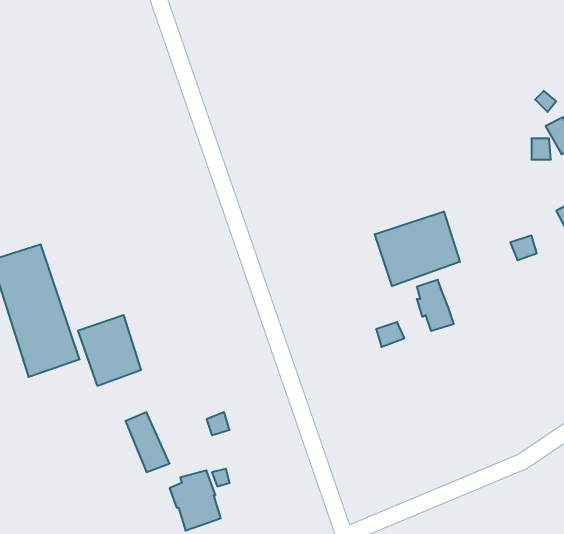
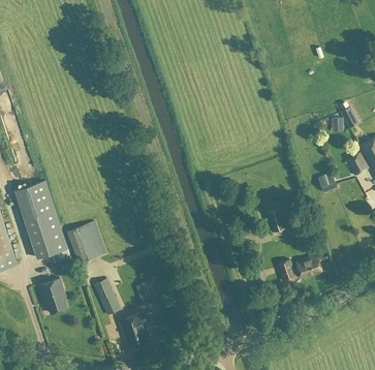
building: [375,211,460,286] -> none
building: none -> [277,255,321,280]
building: none -> [39,277,66,312]

